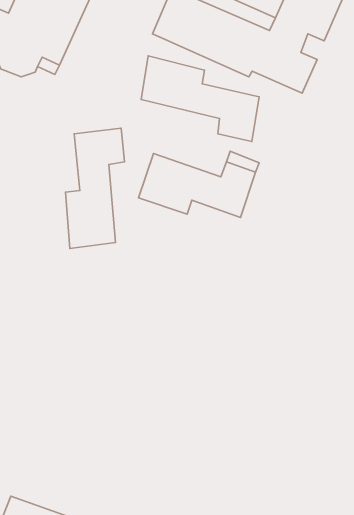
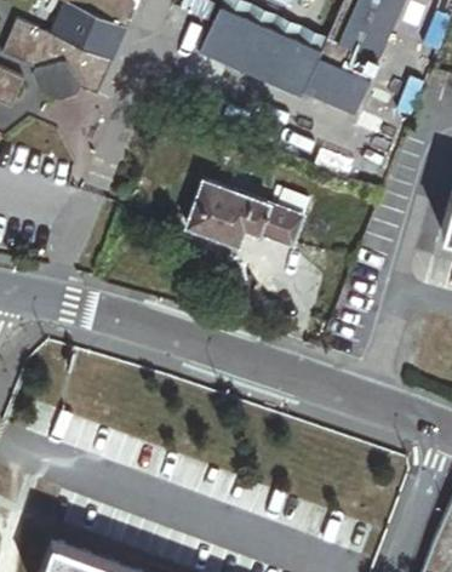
building: [141,56,259,142] -> none
building: [65,128,125,248] -> none

